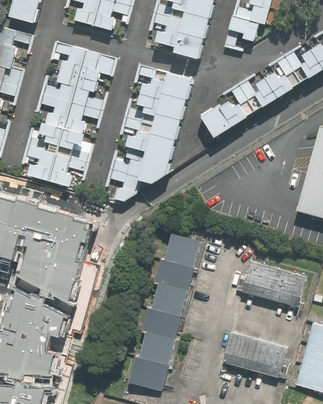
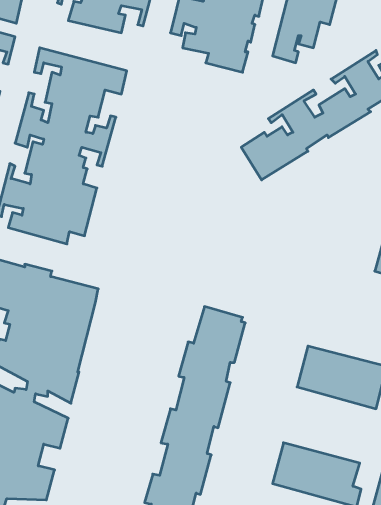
building: [103,63,191,202] -> none

